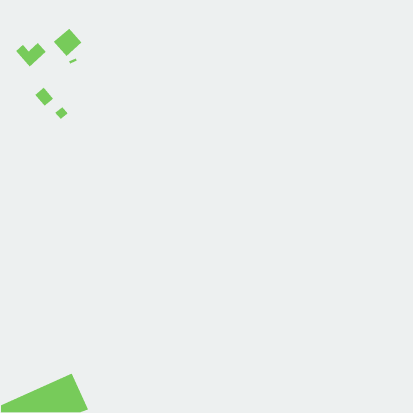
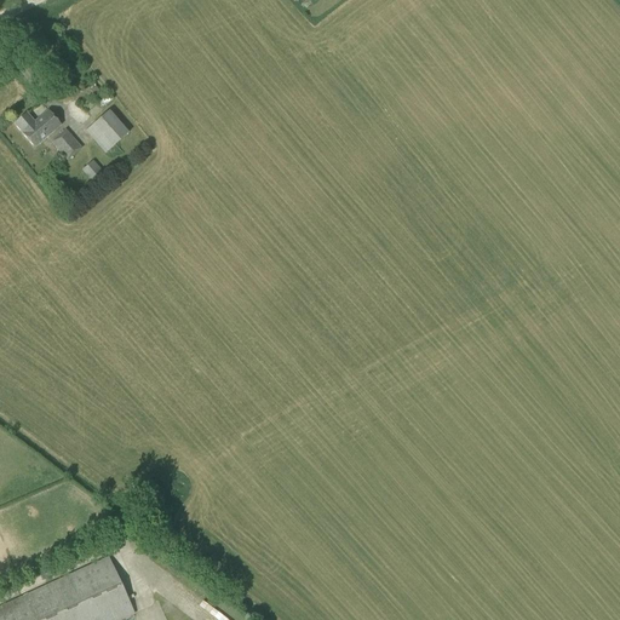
building: [53,28,82,57] -> [86,110,130,154]
building: [15,42,47,67] -> [15,110,62,148]

